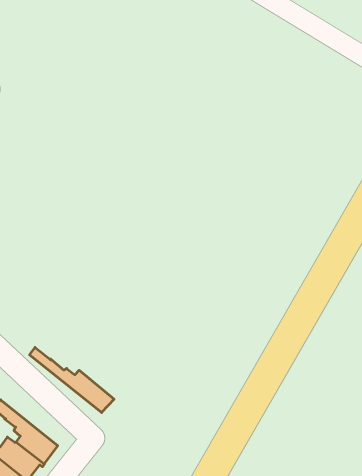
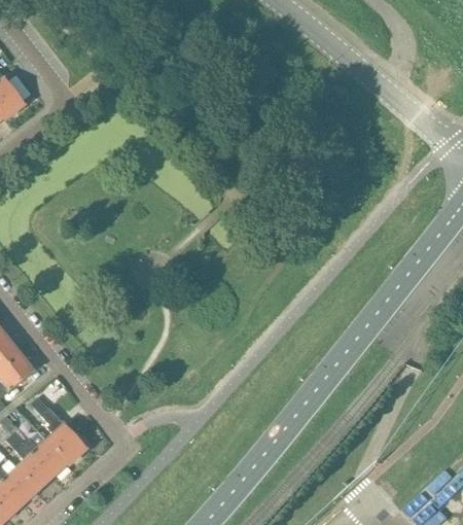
building: [30,347,114,413] -> none

